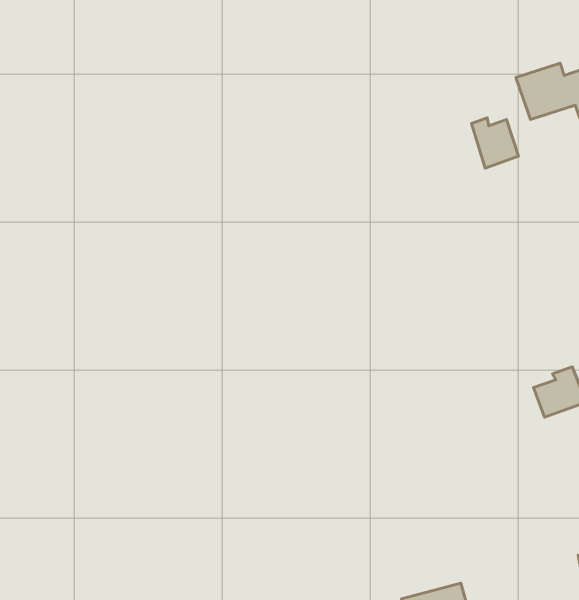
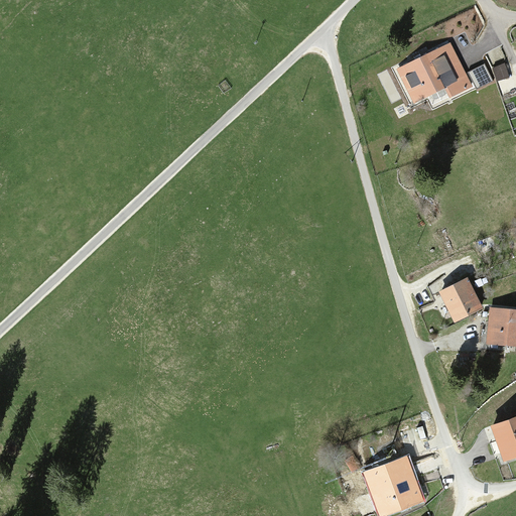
building: [472,118,518,168] -> none

